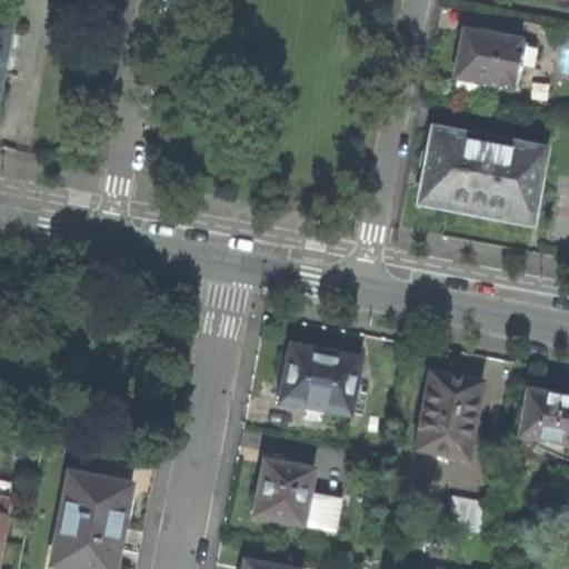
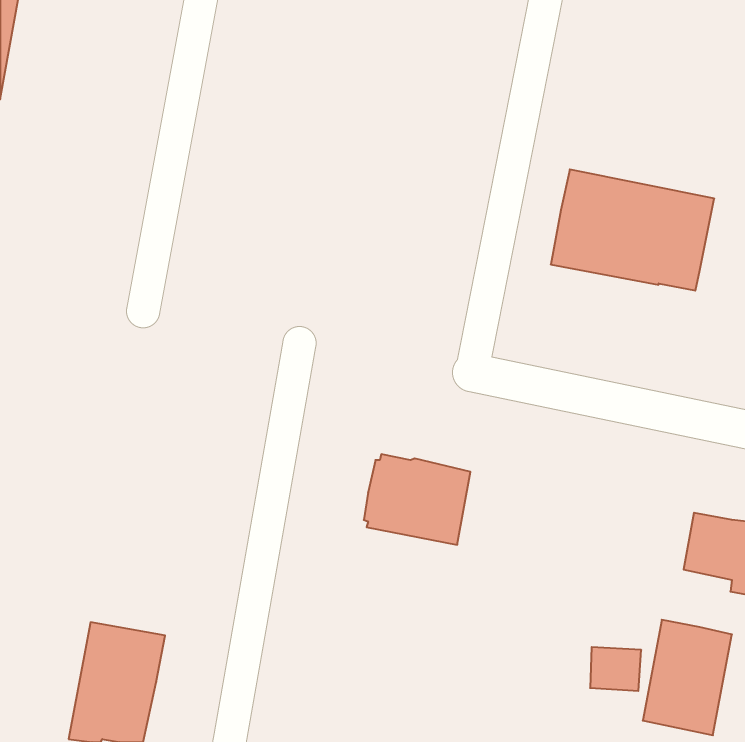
building: [453,31,522,93] -> none
building: [416,371,483,459] -> [643,620,732,735]
building: [253,451,326,526] -> none

